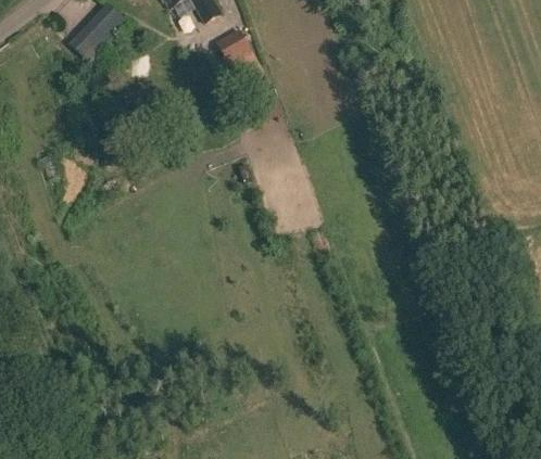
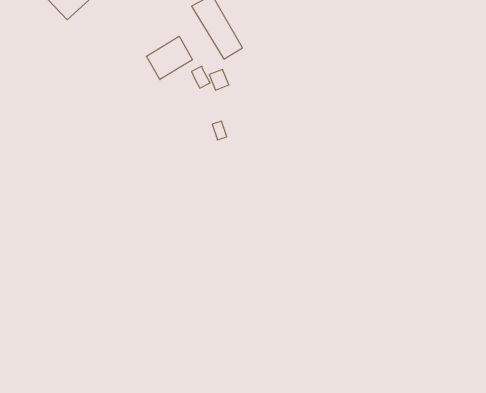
building: none -> [147,36,192,80]

